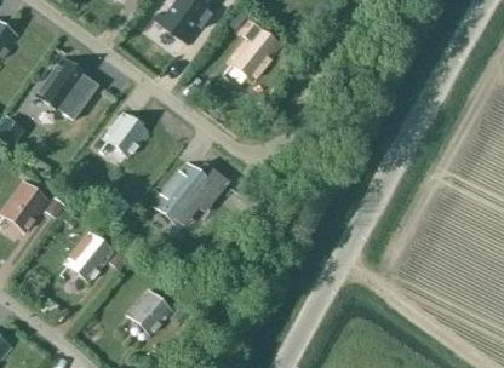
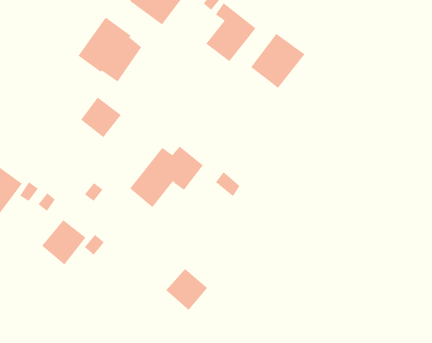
building: none -> [250,33,306,89]
building: [33,54,97,120] -> [77,17,142,83]
building: [128,291,171,333] -> [165,268,208,311]

